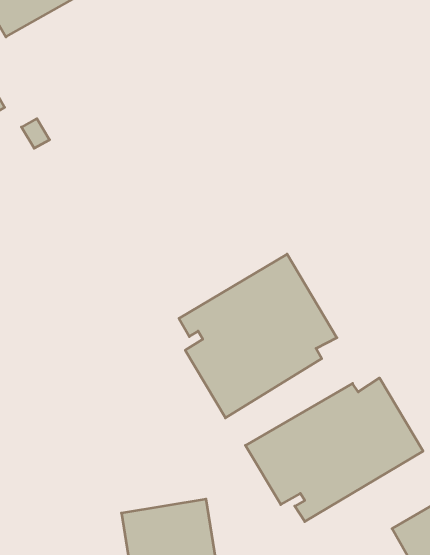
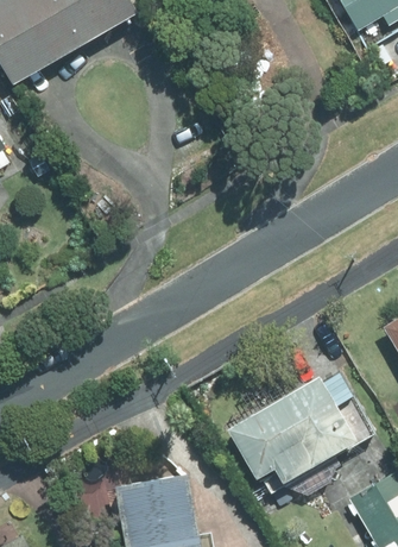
building: [179,254,337,418] -> none

